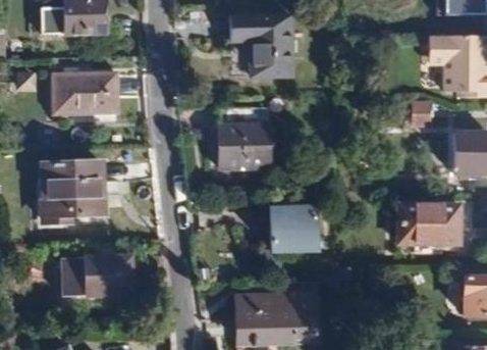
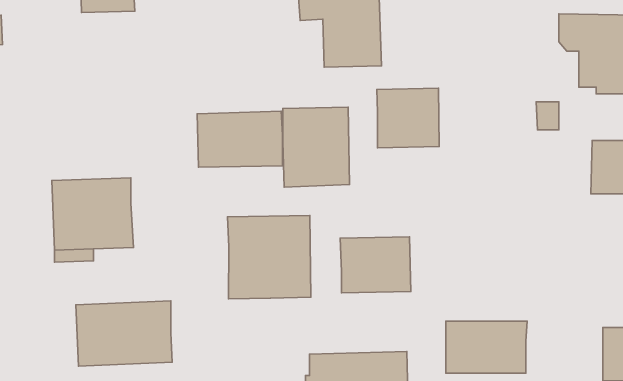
building: [52,70,117,113] -> [197,111,283,167]
building: none -> [377,88,439,148]
building: none -> [227,215,311,299]
building: [397,203,459,243] -> [446,321,527,373]

